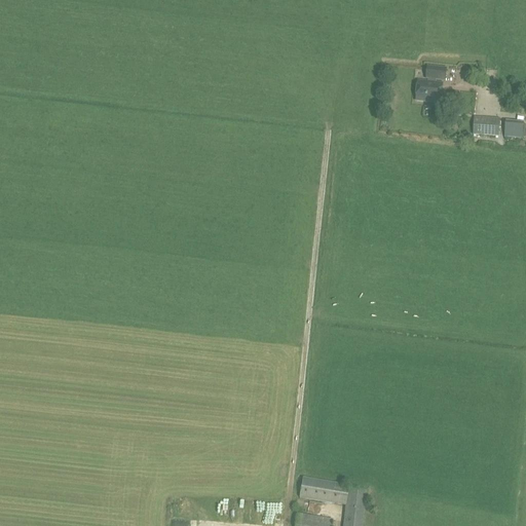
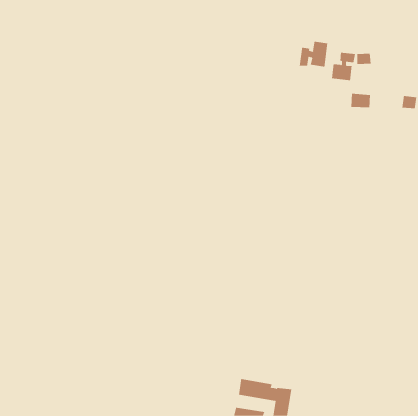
building: none -> [299,41,328,67]
building: [474,116,499,135] -> [350,93,371,108]

